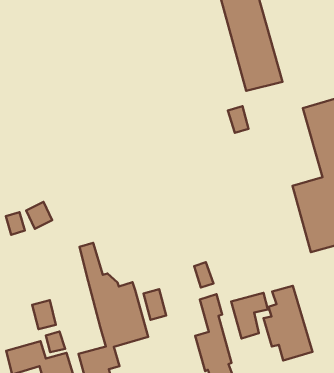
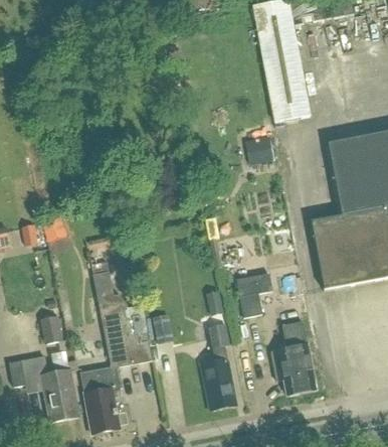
building: [231,293,268,339] -> [236,273,272,317]

